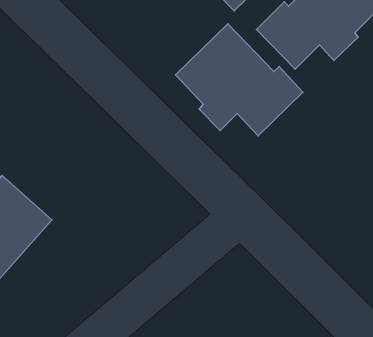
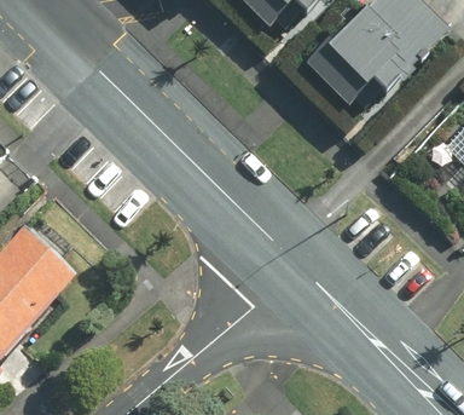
building: [175,24,303,136] -> none

